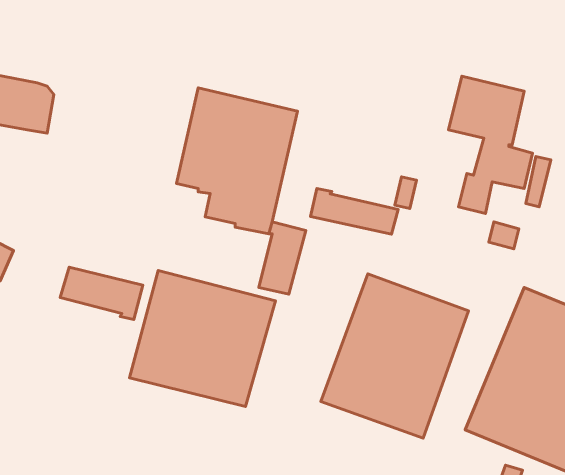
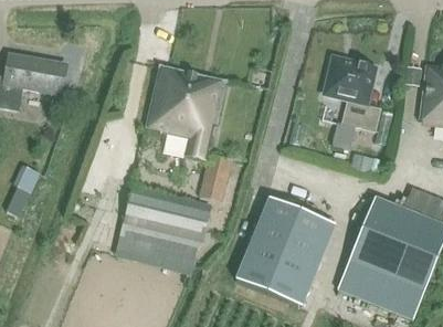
building: [310,188,398,234] -> none
building: [60,267,143,320] -> none

